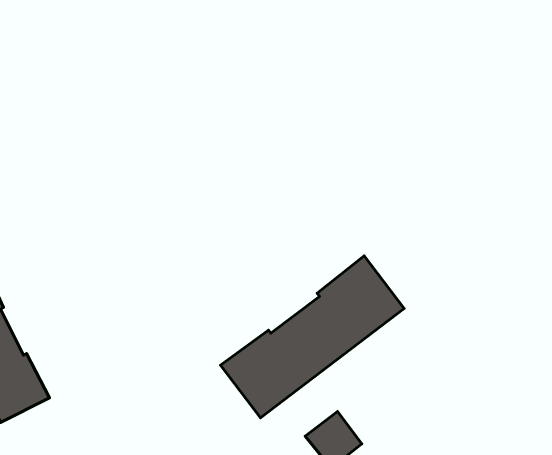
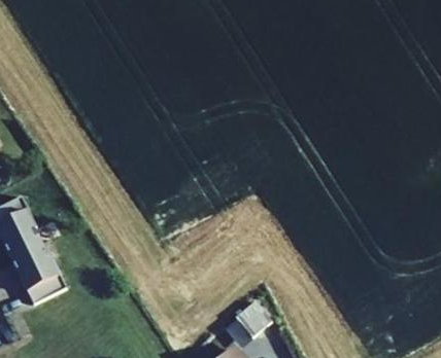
building: [221,256,404,418] -> none

